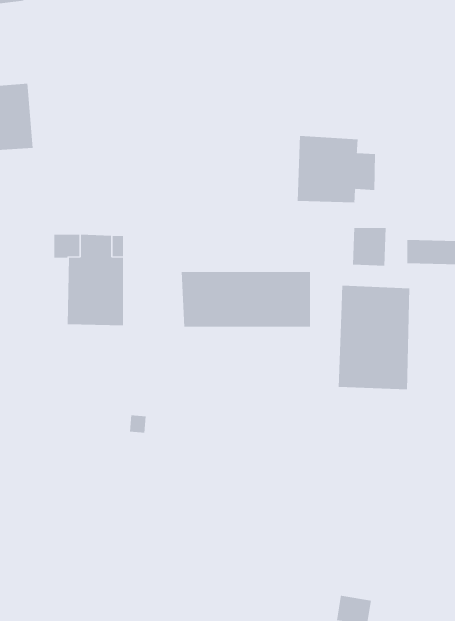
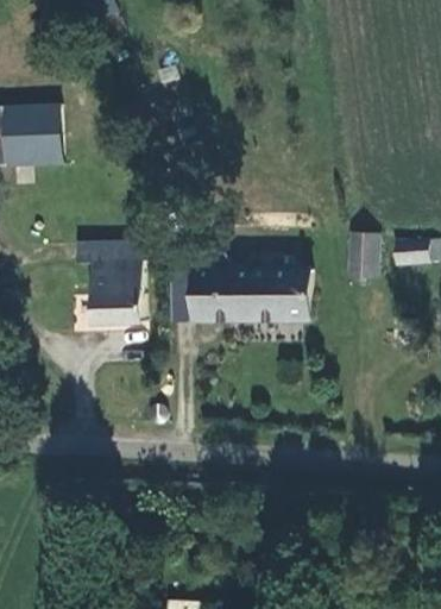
building: [297,135,375,203] -> none
building: [338,285,410,390] -> none

